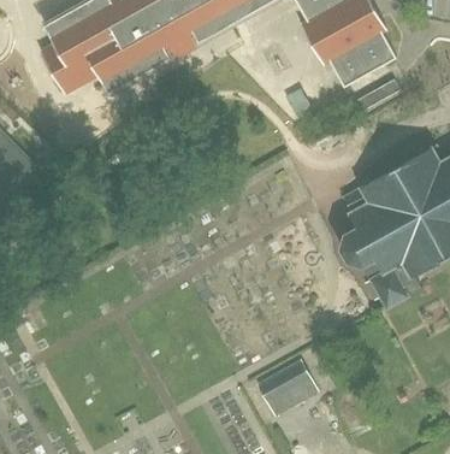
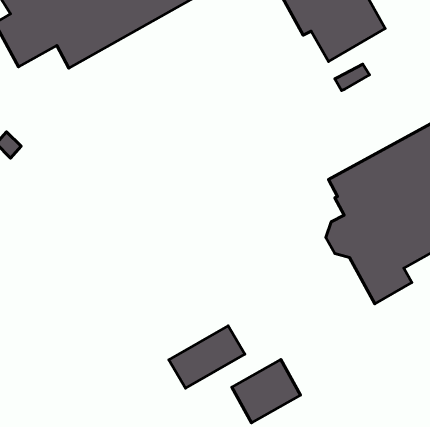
building: none -> [169,326,245,388]

